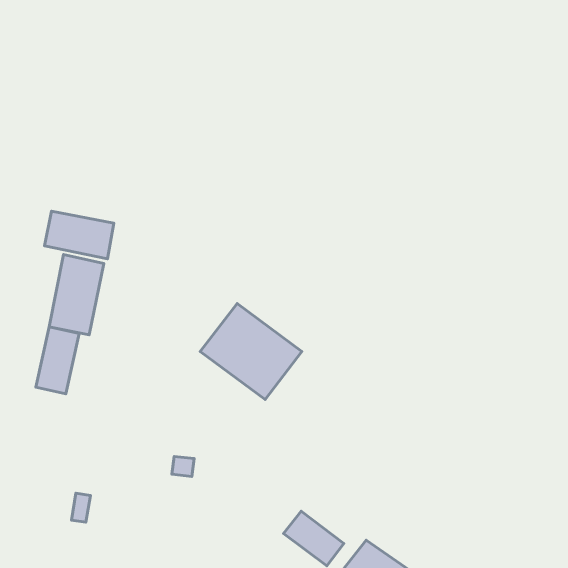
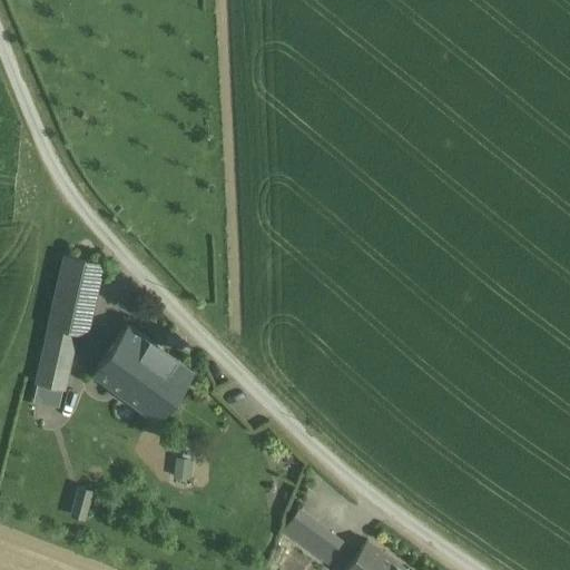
building: [45,211,114,259] -> none
building: [200,304,302,400] -> [90,326,191,422]

